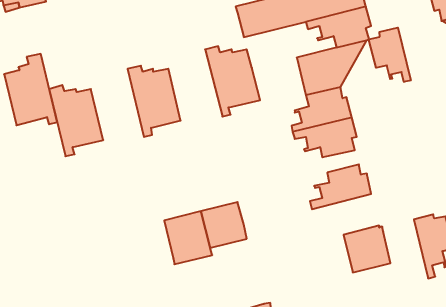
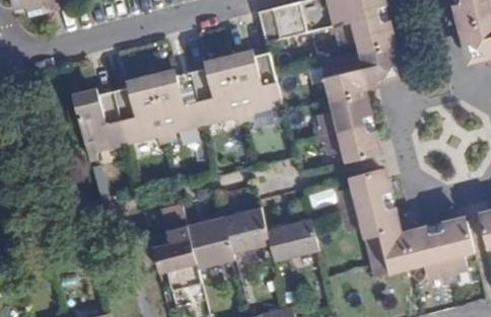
building: [369,28,411,82] -> none
building: none -> [191,54,244,125]
building: [4,54,57,125] -> [114,73,166,144]
building: none -> [334,197,401,238]
building: none -> [266,217,319,260]
building: none -> [405,223,449,283]
building: none -> [153,224,196,271]

